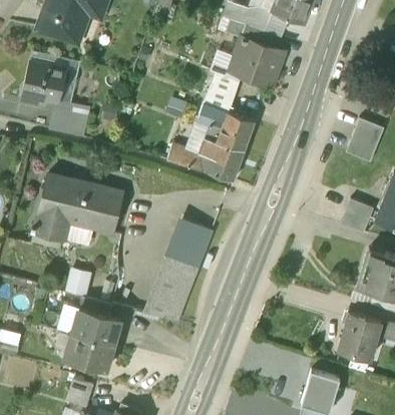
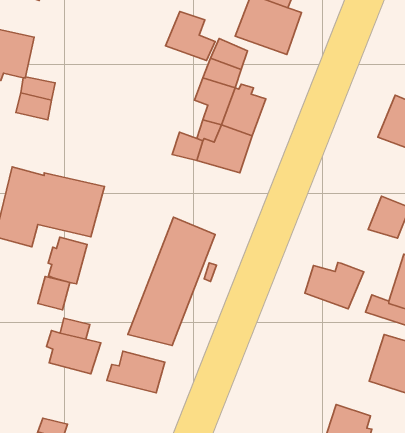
building: none -> [165,12,215,61]
building: none -> [48,237,87,284]
building: none -> [305,263,364,309]
building: [64,337,111,371] -> [107,351,165,393]

